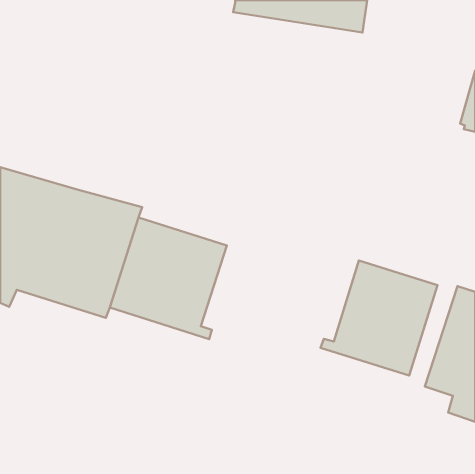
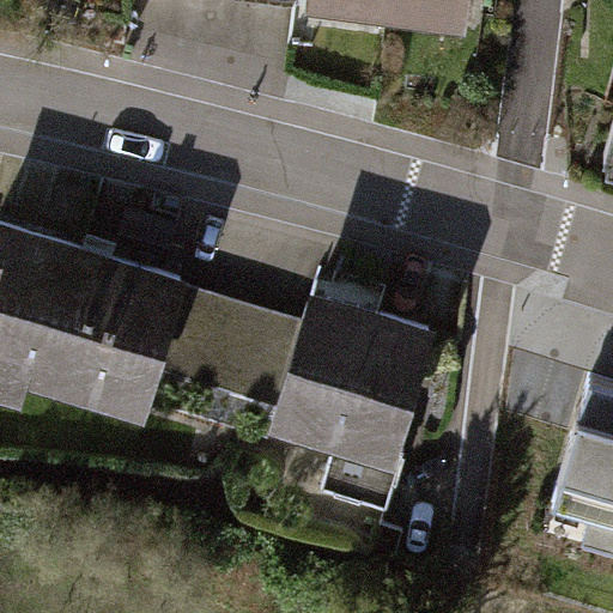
building: none -> [259,284,433,514]
building: [321,260,437,376] -> none

